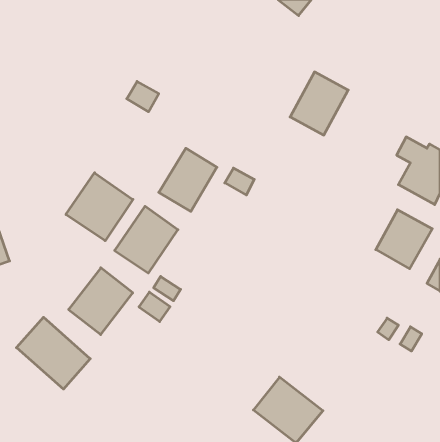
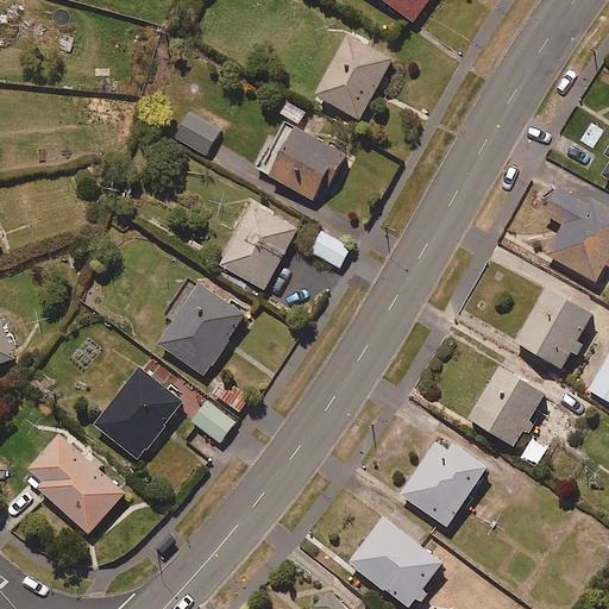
building: [290,72,348,135] -> [312,33,391,120]
building: none -> [266,127,345,205]
building: [66,173,133,241] -> none
building: none -> [466,366,544,446]
building: none -> [401,442,486,526]

